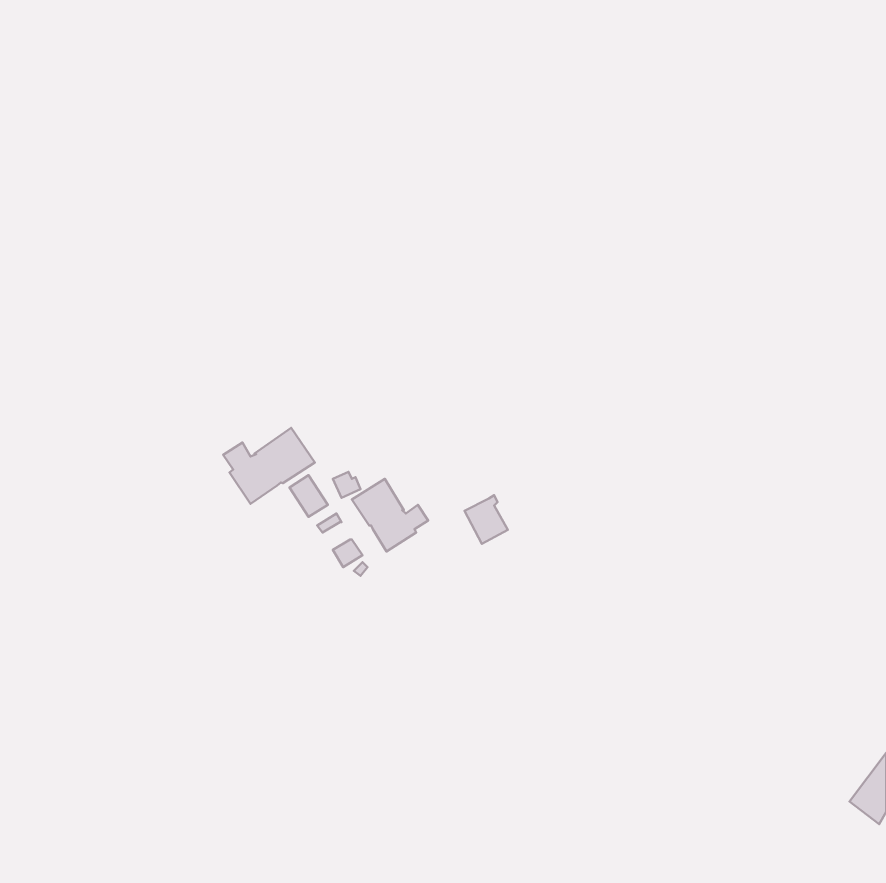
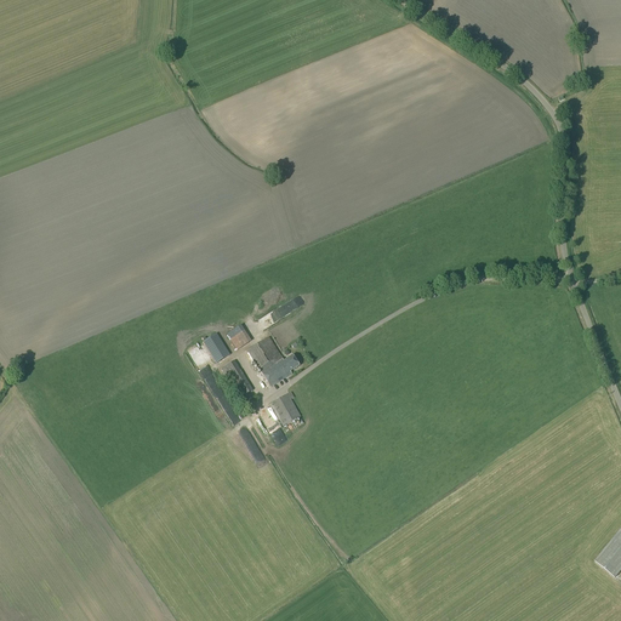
building: [223,428,315,504] -> none
building: [465,495,508,544] -> [270,391,301,425]

